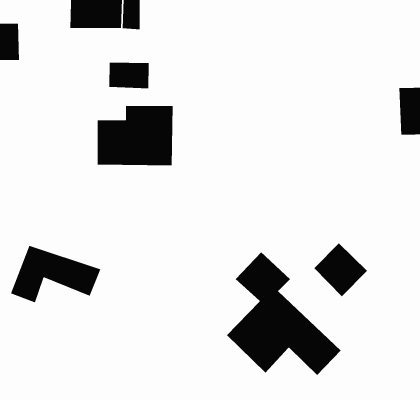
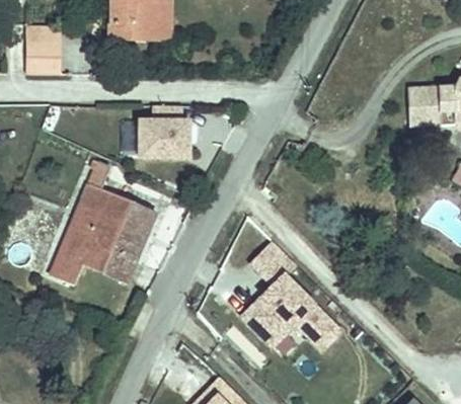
building: [109,62,149,89] -> none
building: none -> [61,162,147,257]
building: [314,242,368,297] -> none

